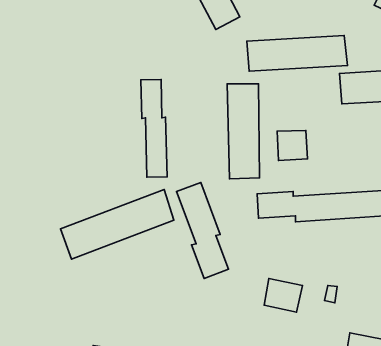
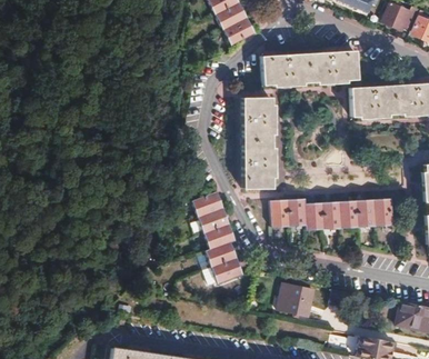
building: [141,80,167,177] -> none
building: [277,131,308,160] -> none
building: [61,190,174,259] -> none

